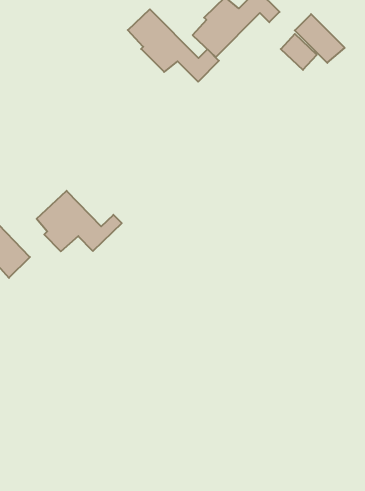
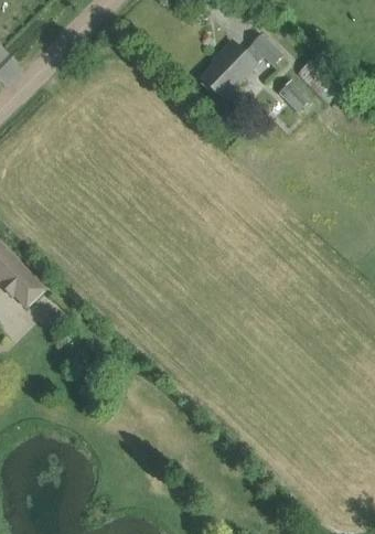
building: [128,9,219,82] -> none
building: [37,191,122,251] -> none

